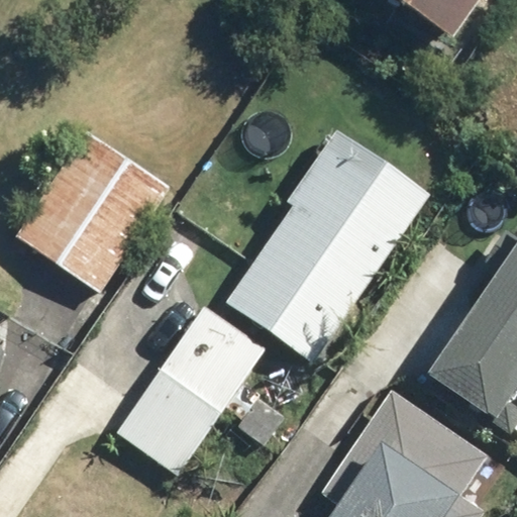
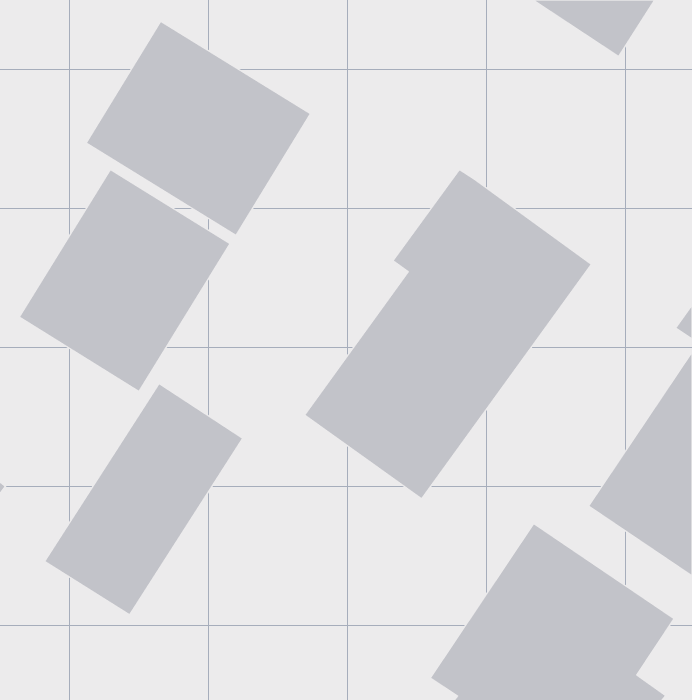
building: none -> [86,21,311,235]
building: [116,304,262,474] -> [44,383,243,615]

